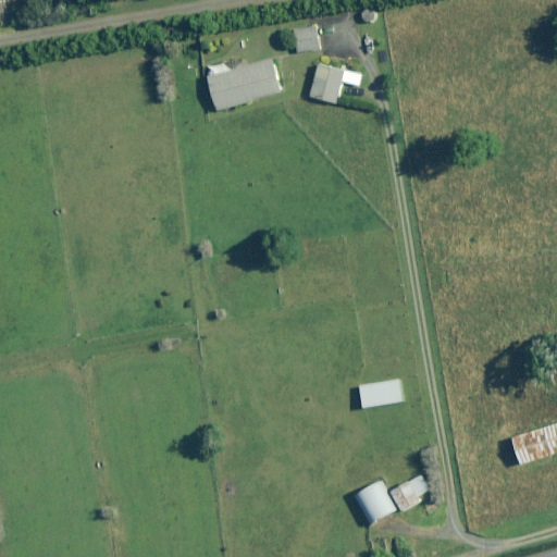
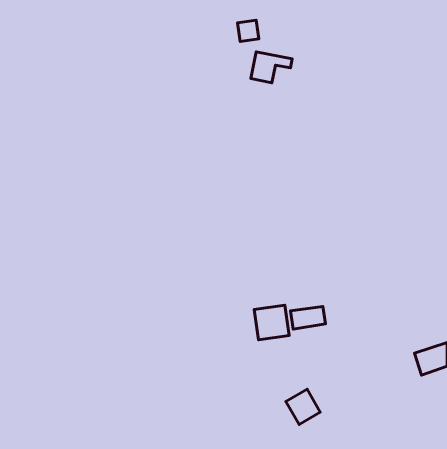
building: [208,58,281,109] -> none
building: none -> [254,305,289,340]
building: [391,475,426,509] -> none

